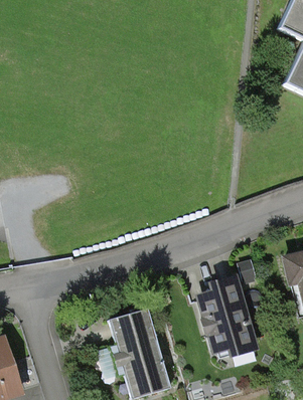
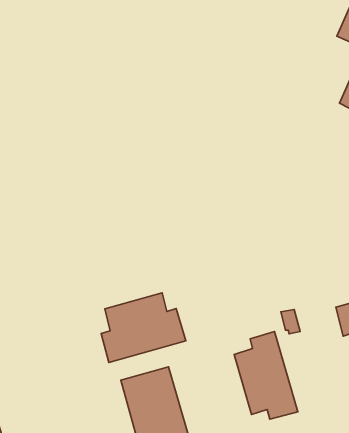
building: none -> [101,293,186,362]

